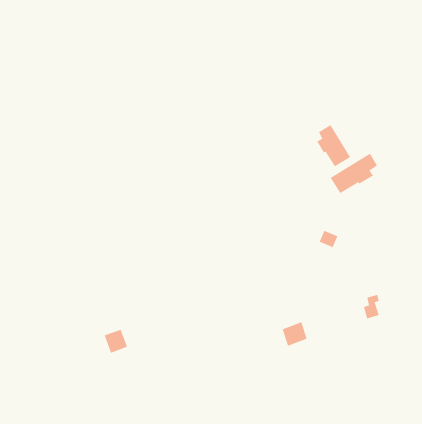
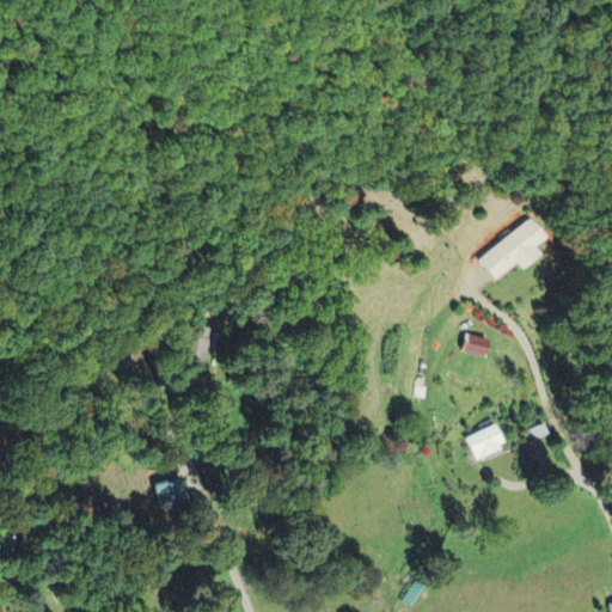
building: [316,124,351,167] -> none
building: [282,322,308,346] -> [466,423,503,459]

